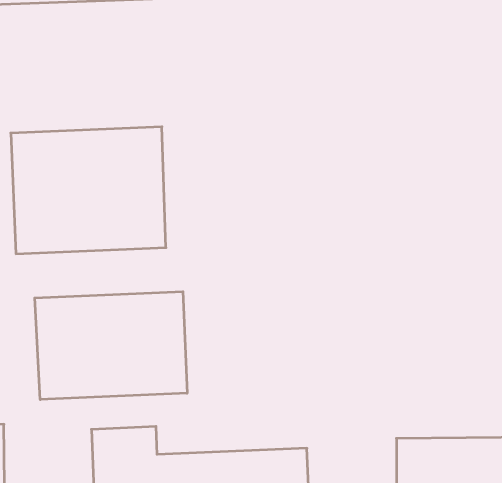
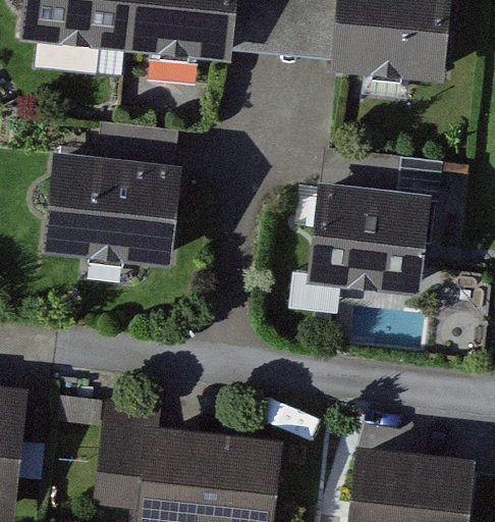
building: none -> [319,185,439,291]
building: [35,292,187,400] -> none

